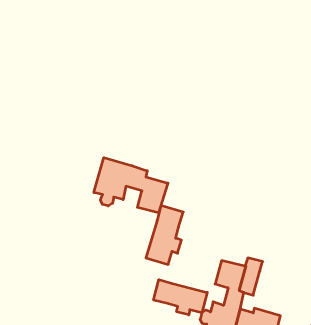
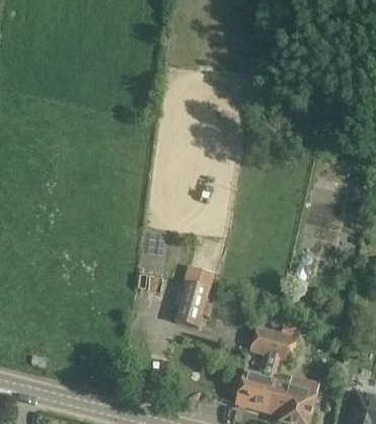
building: [94,158,168,213] -> none
building: [154,280,207,315] -> none

